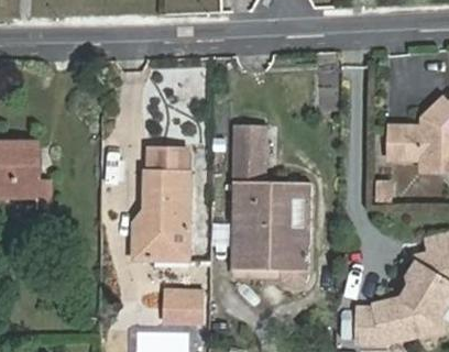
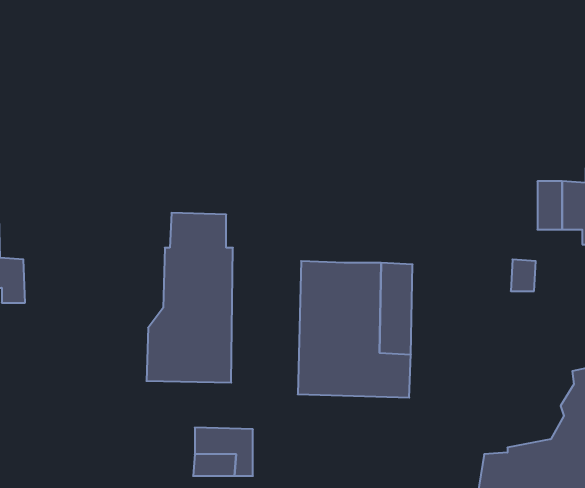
building: [234,124,265,182] -> none

